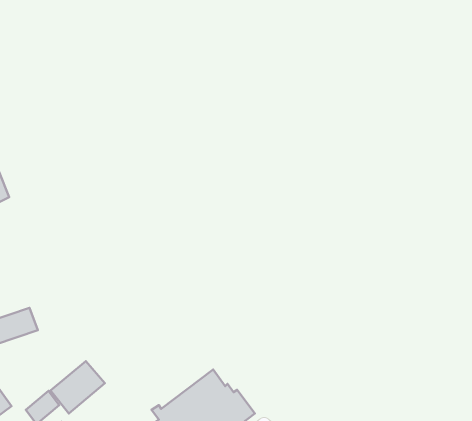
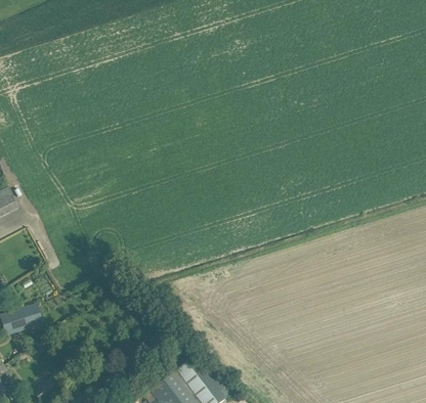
building: [50,361,105,413] -> none

